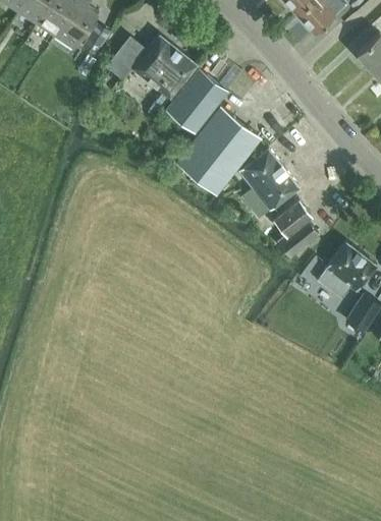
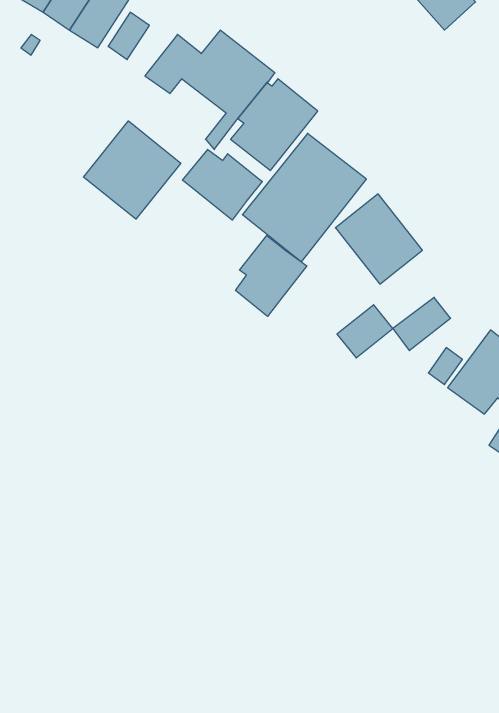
building: none -> [84,121,181,219]
building: none -> [182,149,262,220]
building: none -> [236,235,307,316]
building: [273,199,312,236] -> [337,305,393,358]

